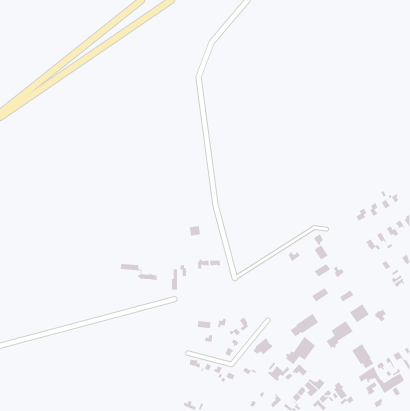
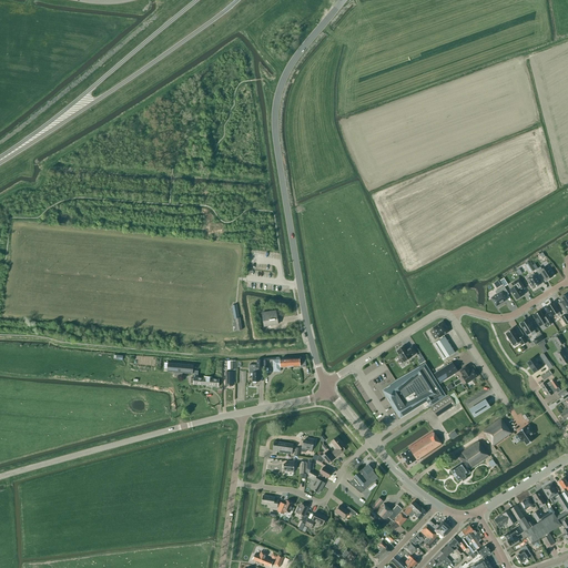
building: none -> [385,368,435,416]
building: [285,336,316,365] -> none
building: [351,343,374,369] -> none

